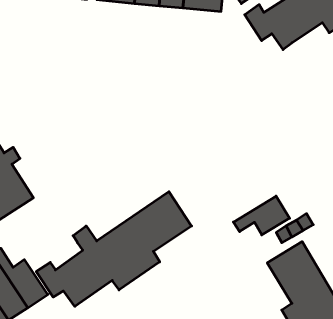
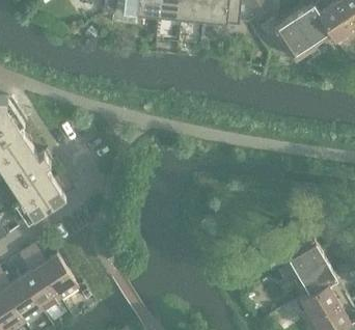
building: [36,192,192,306] -> none
building: [233,196,290,235] -> none

